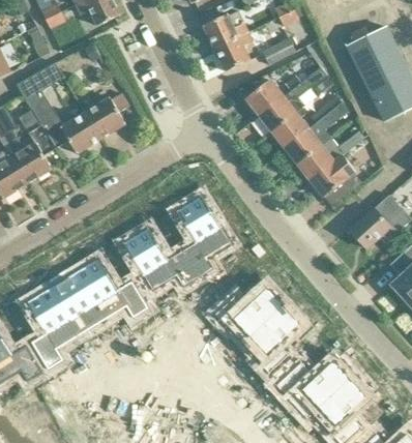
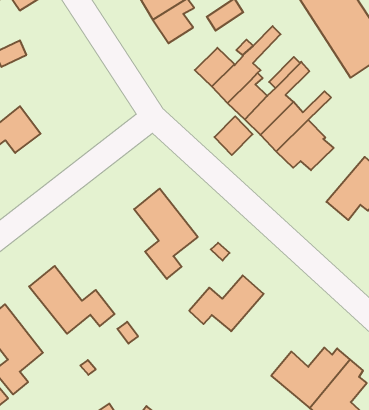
building: [85,92,128,138] -> none
building: none -> [214,116,253,155]
building: [123,232,198,295] -> none
building: [50,273,102,334] -> none
building: [249,304,299,373] -> none

